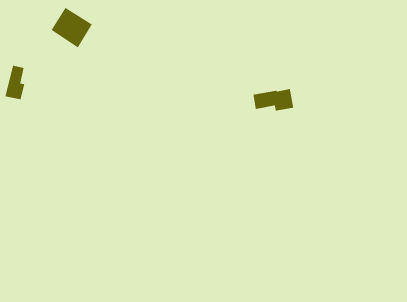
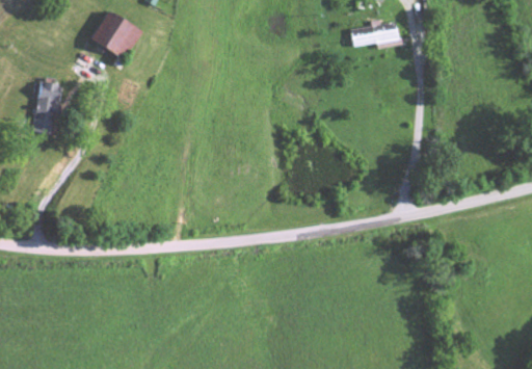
building: [252,88,294,111] -> [350,21,400,49]

